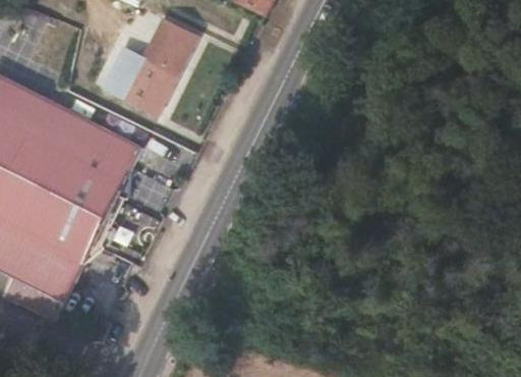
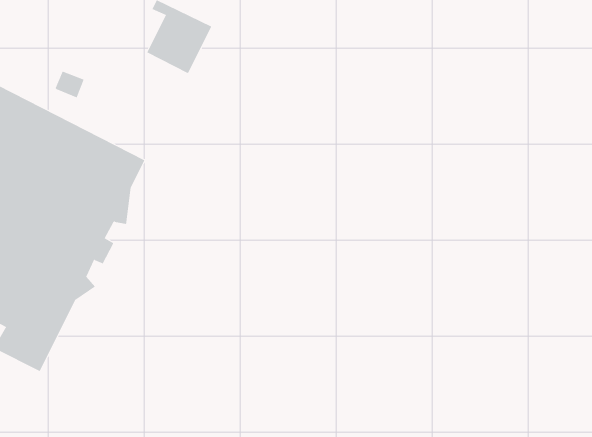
building: [103,48,176,115] -> none

